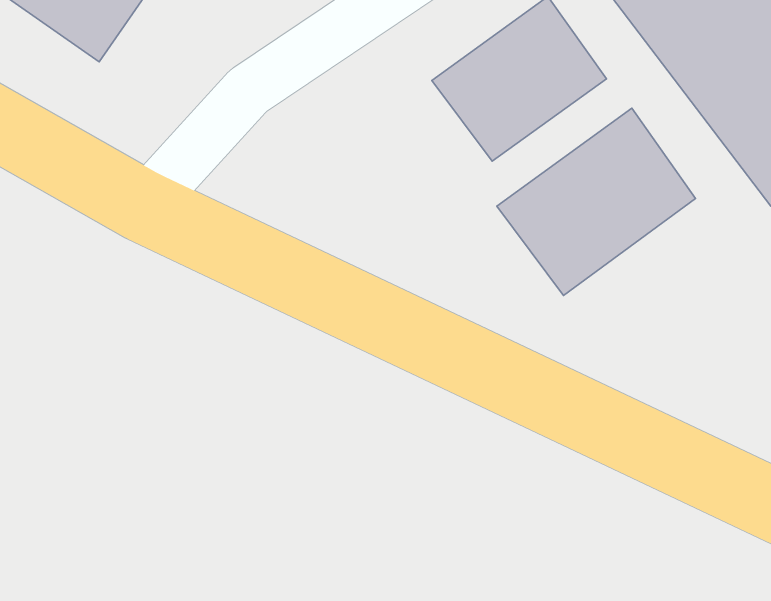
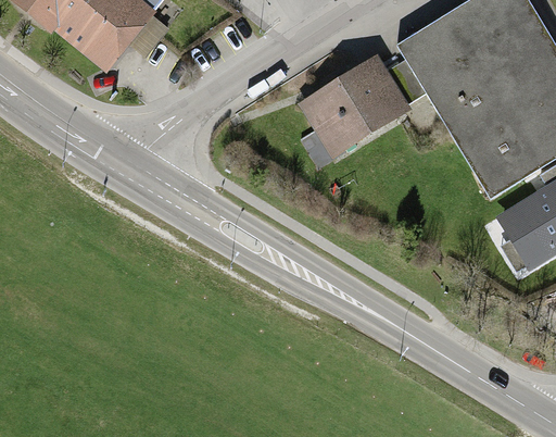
building: [497,108,695,295] -> none

